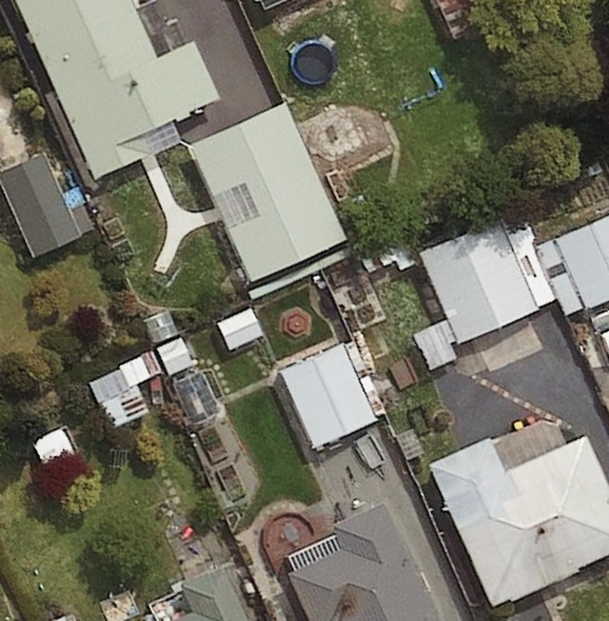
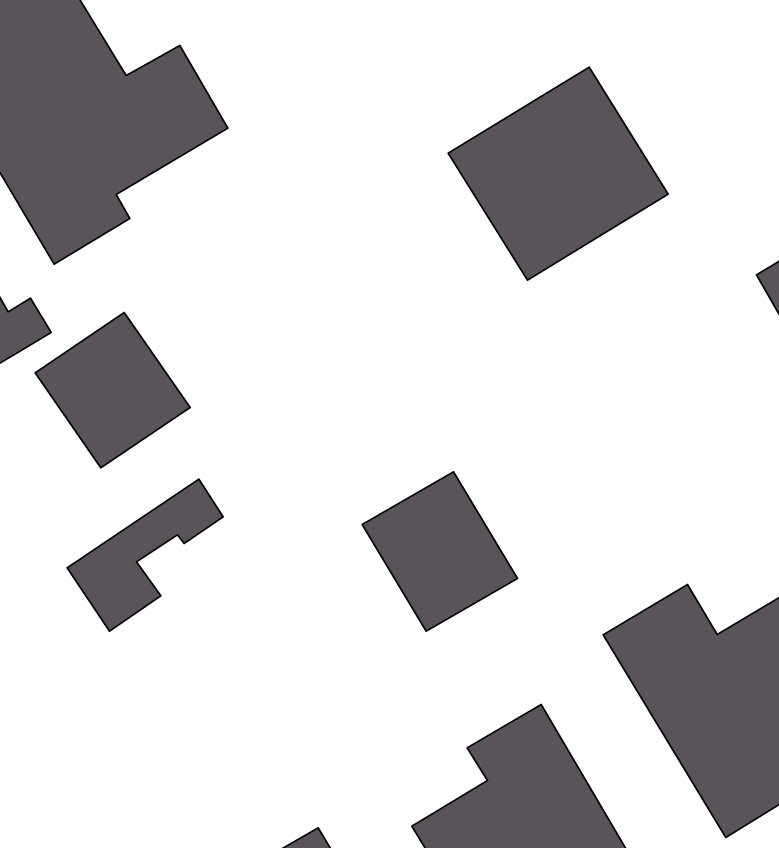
building: [184,97,336,273] -> none
building: [419,210,560,346] -> [448,67,668,280]
building: none -> [35,312,190,468]

